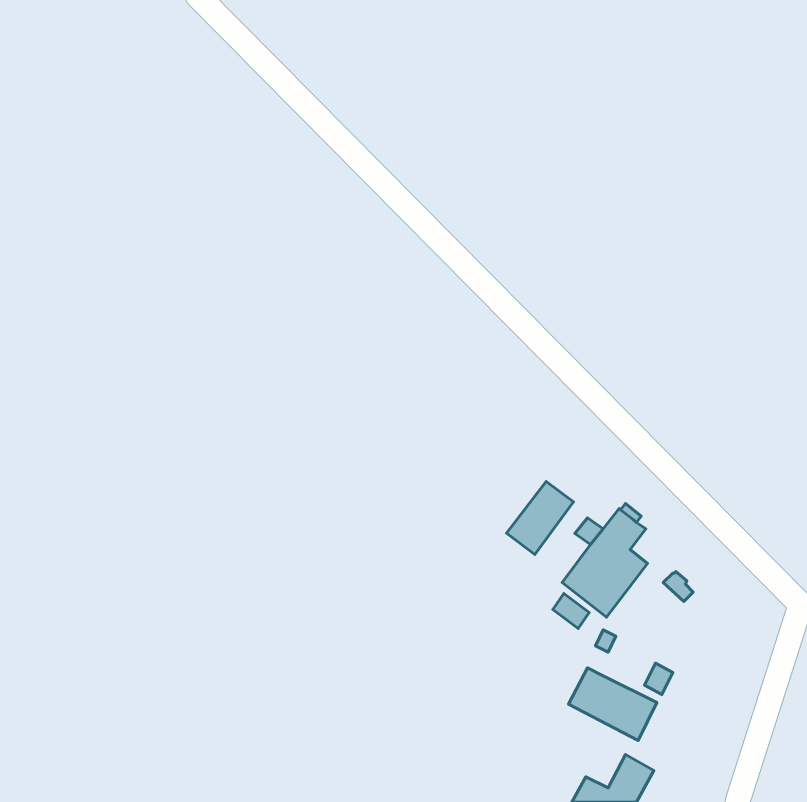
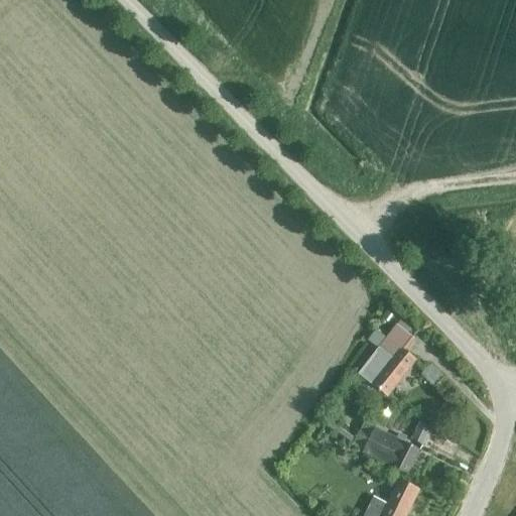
building: [507,482,574,555] -> none

